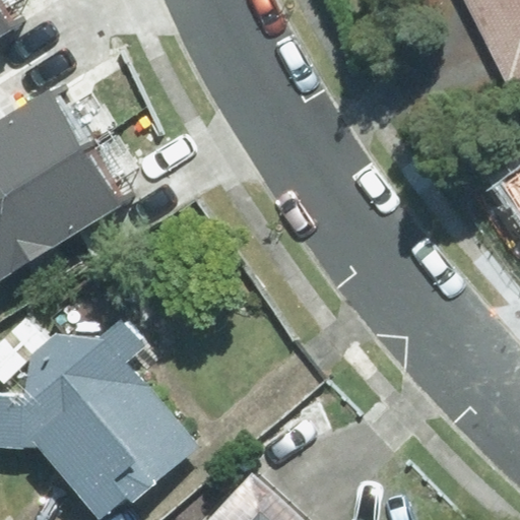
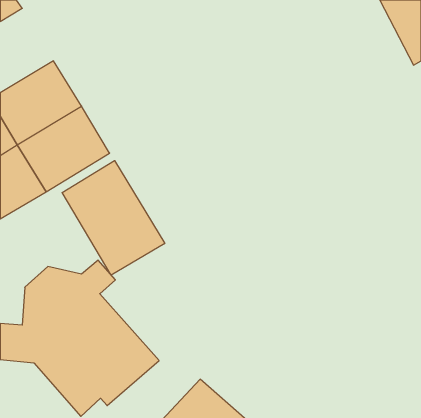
building: none -> [62,161,165,275]

